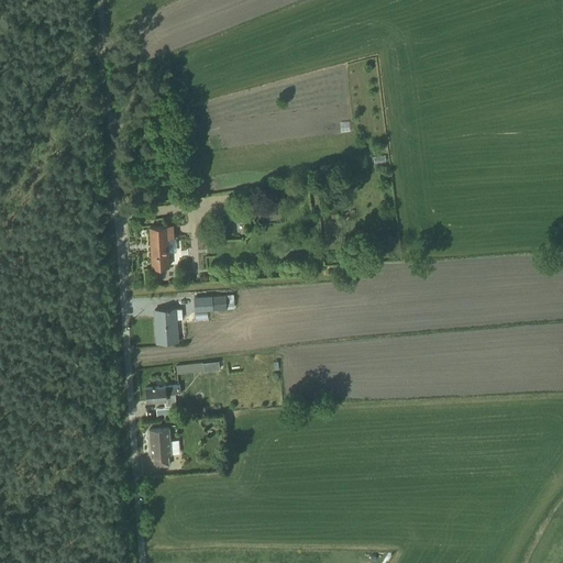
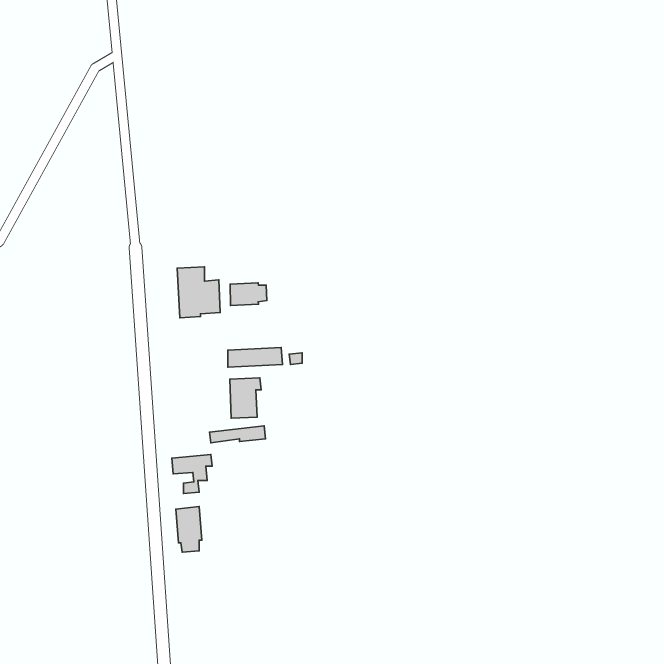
building: none -> [230,283,267,306]
building: [154,310,180,344] -> [230,378,261,418]

